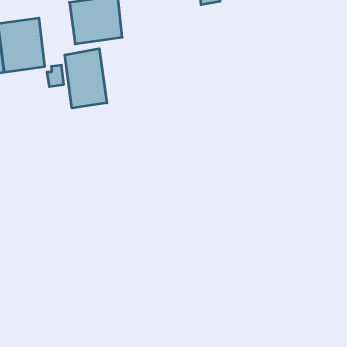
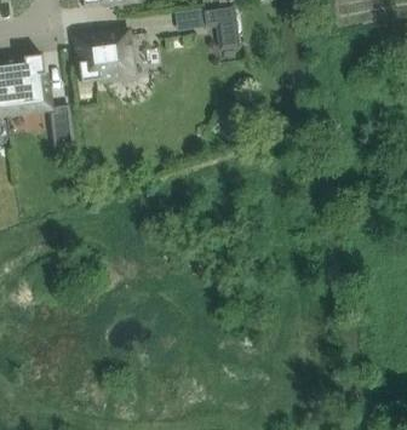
building: [65,49,107,108] -> none

